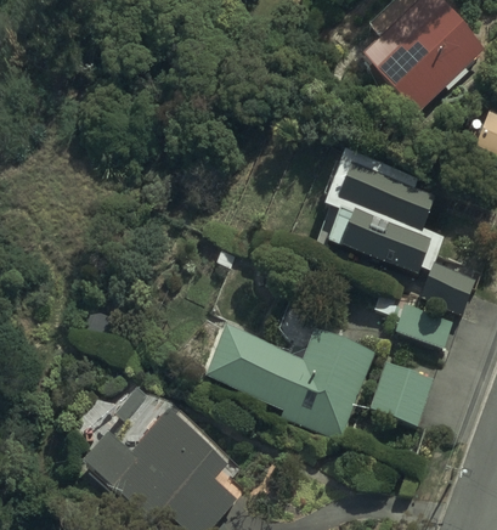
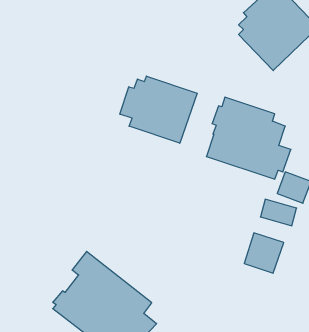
building: none -> [120,76,197,143]
building: [208,323,375,430] -> none

